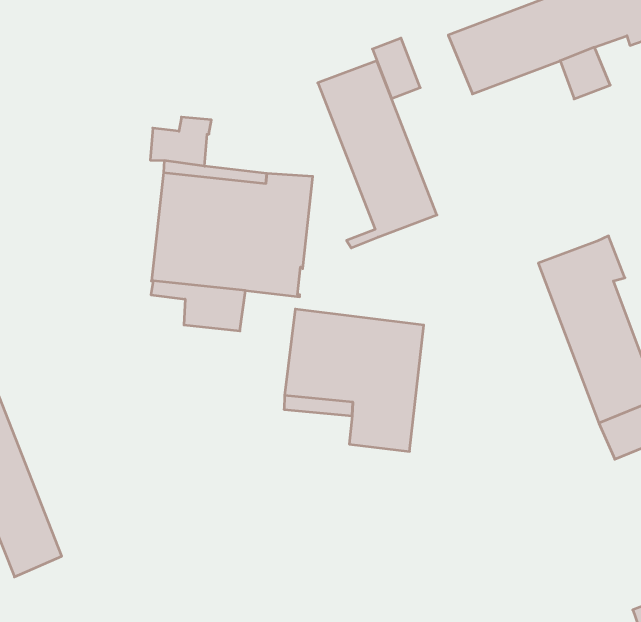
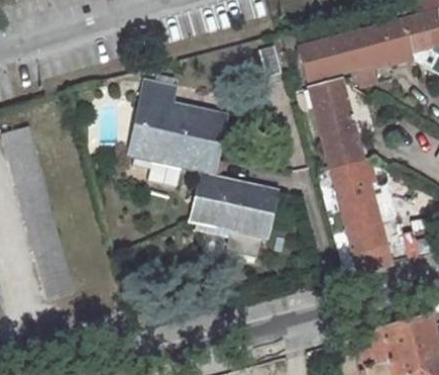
building: [318,61,437,248] -> [309,78,362,172]

